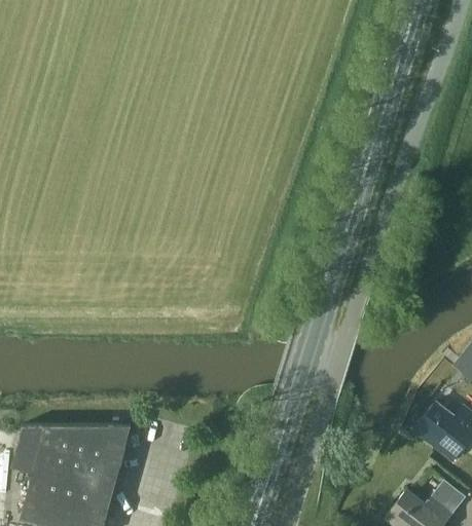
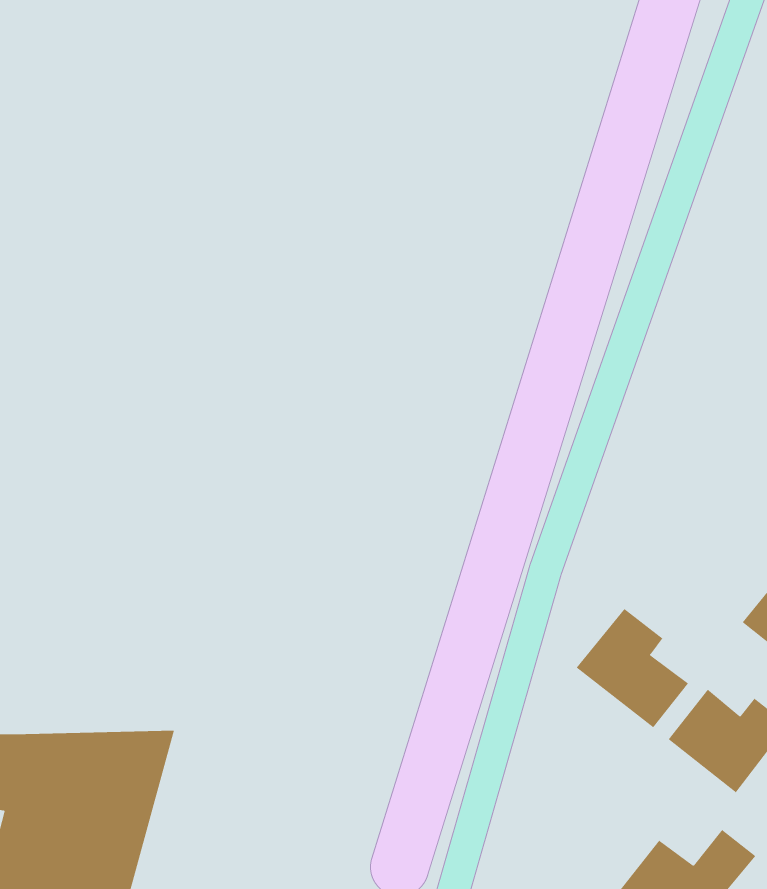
building: none -> [576,608,689,728]

